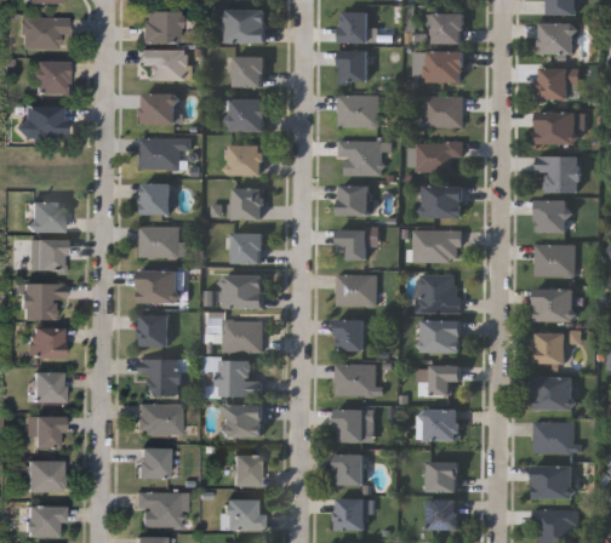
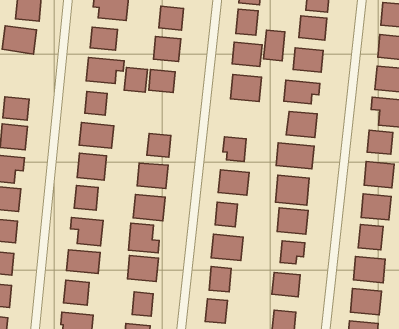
building: none -> [264,30,285,61]
building: [338,185,369,217] -> none
building: [233,188,262,219] -> [124,68,147,92]

